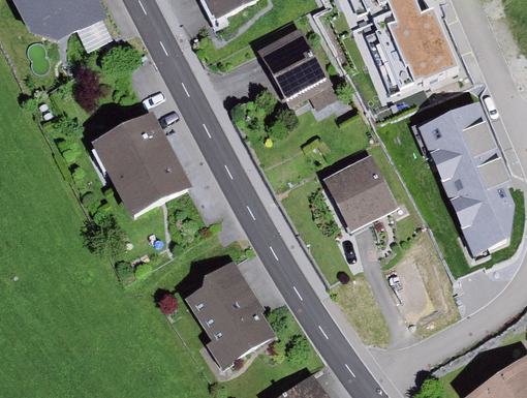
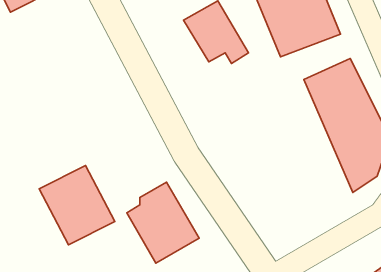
building: [91,115,187,216] -> [39,165,115,245]
building: [327,156,395,227] -> none

